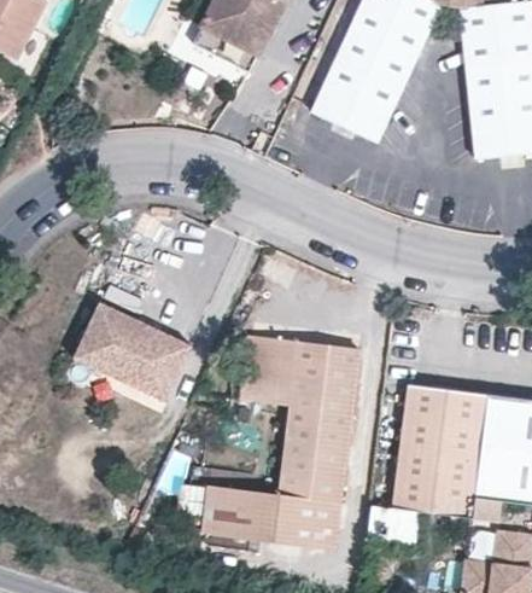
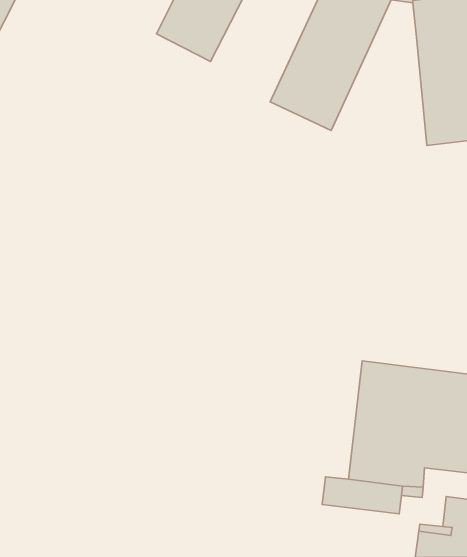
building: [71,301,192,402] -> none
building: [205,335,361,546] -> none

